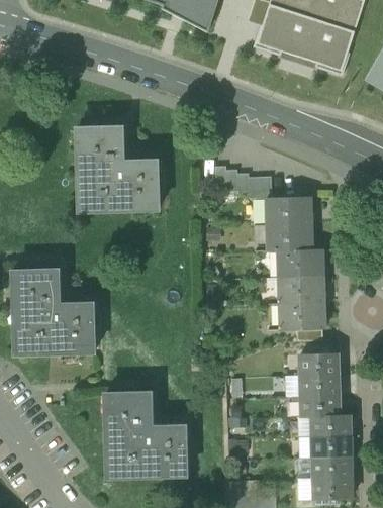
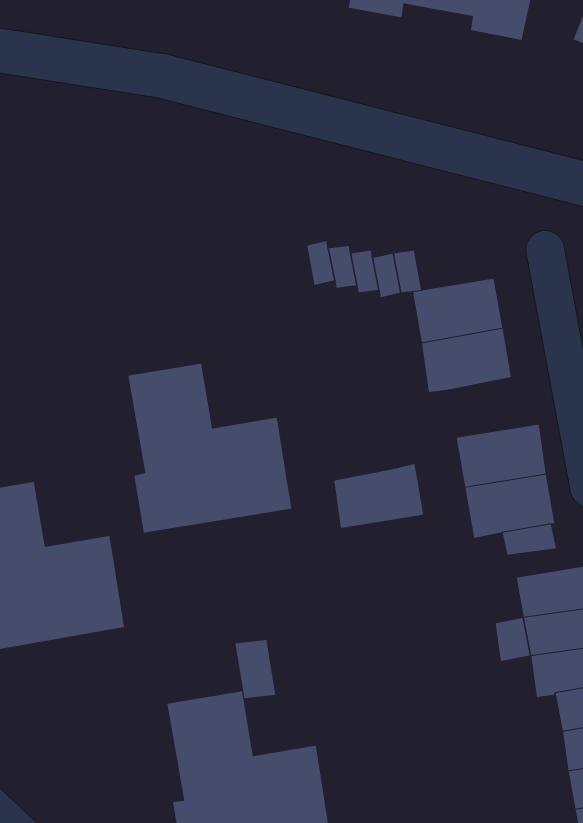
building: [78,126,158,210] -> [127,363,292,533]
building: [279,247,323,276] -> [334,464,424,528]
building: none -> [235,639,276,699]

